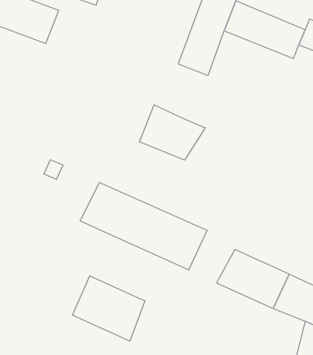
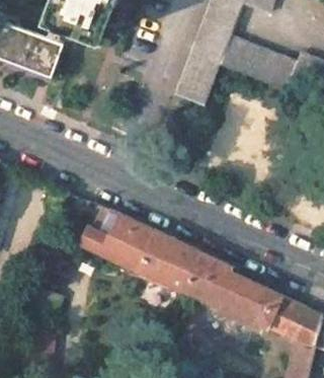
building: [139,105,205,160] -> none
building: none -> [184,253,230,303]
building: [72,276,145,341] -> none

